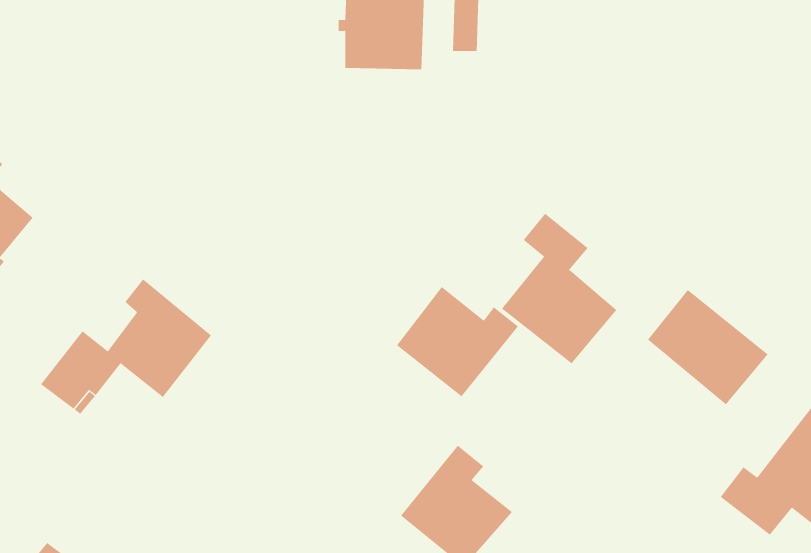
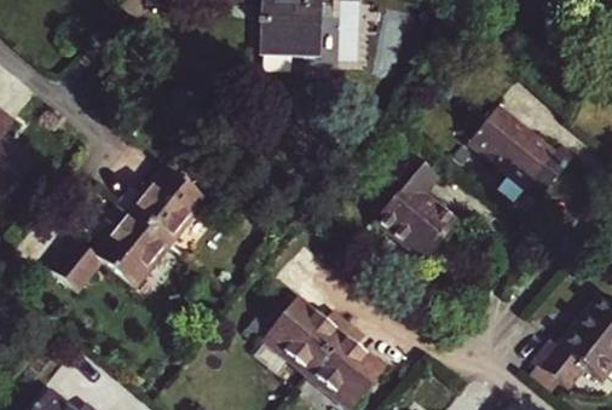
building: none -> [119,166,203,243]
building: [396,286,519,397] -> [256,293,345,373]
building: [647,289,768,405] -> [474,110,561,194]

